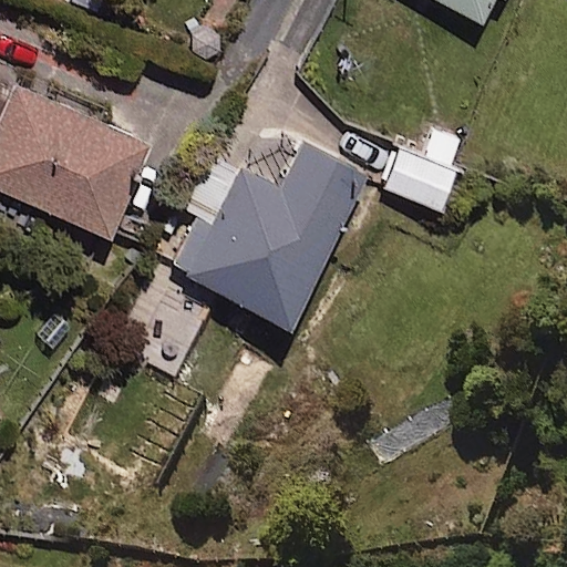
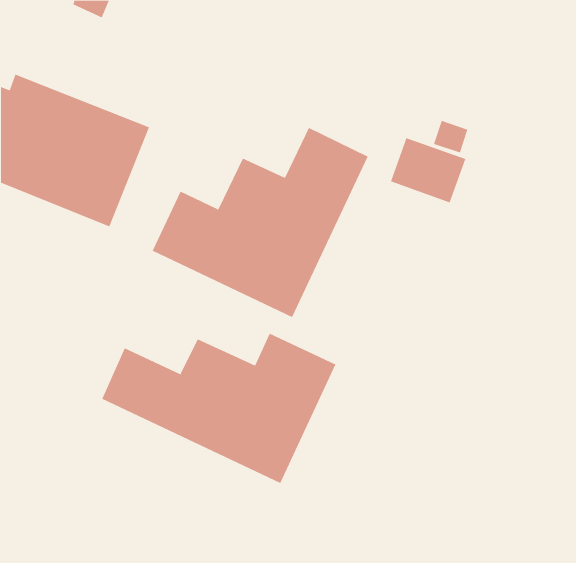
building: none -> [101,333,336,484]

